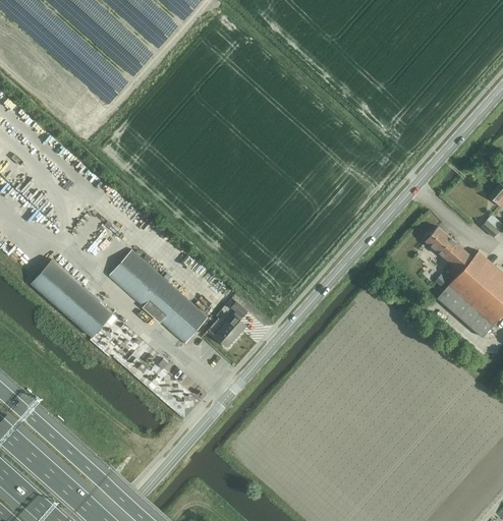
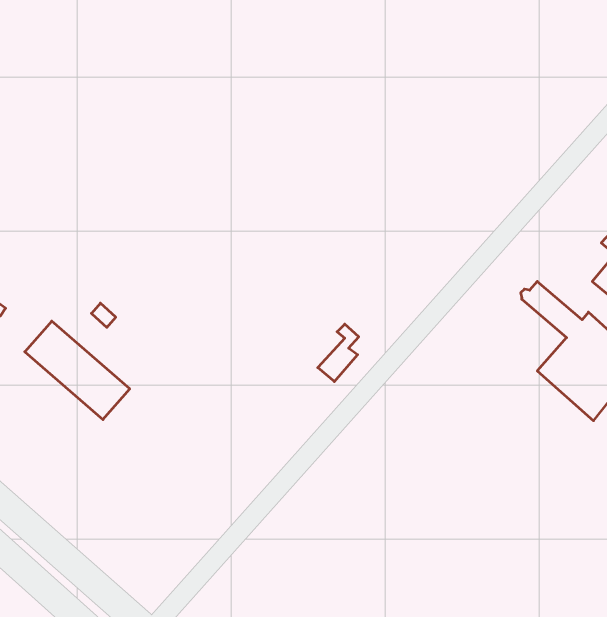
building: [109,250,208,344] -> none
building: [215,302,247,348] -> [318,324,359,382]

